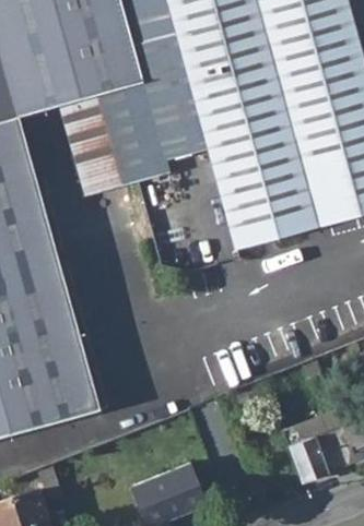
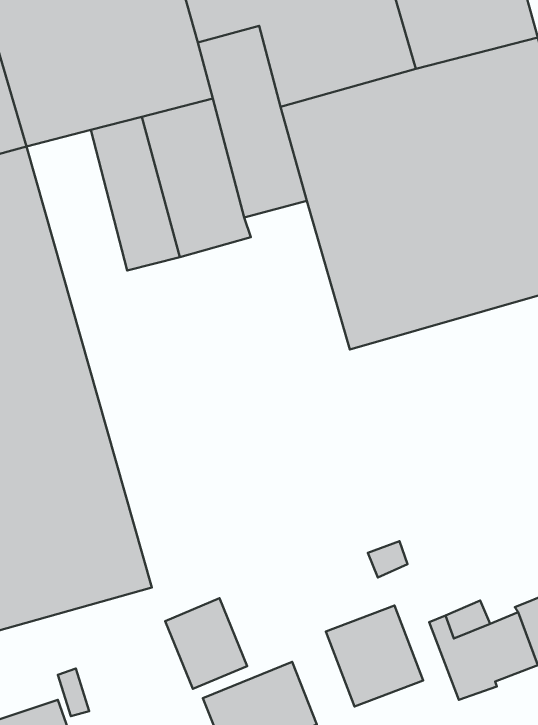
building: none -> [165,598,247,689]
building: none -> [326,606,423,706]

